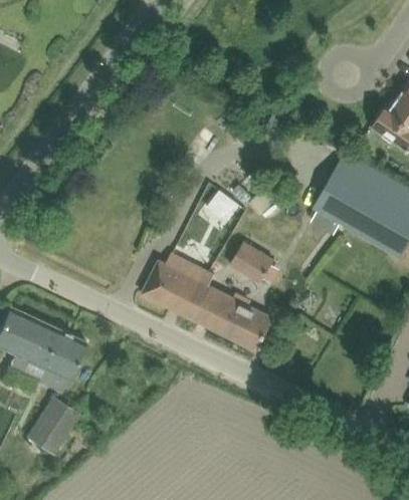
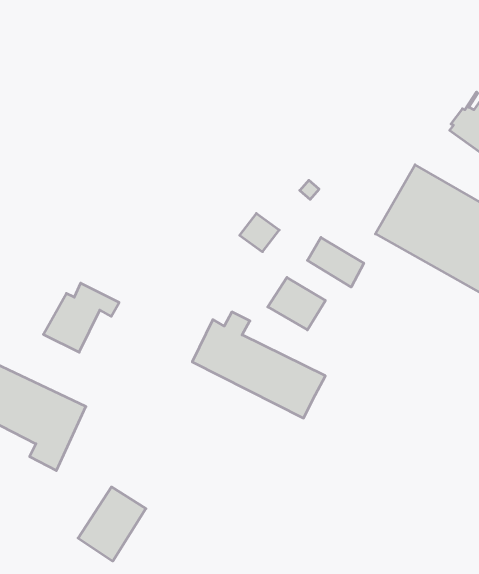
building: none -> [307,237,364,287]
building: [142,253,201,307] -> [43,283,119,352]
building: [27,397,80,455] -> [78,487,146,561]

